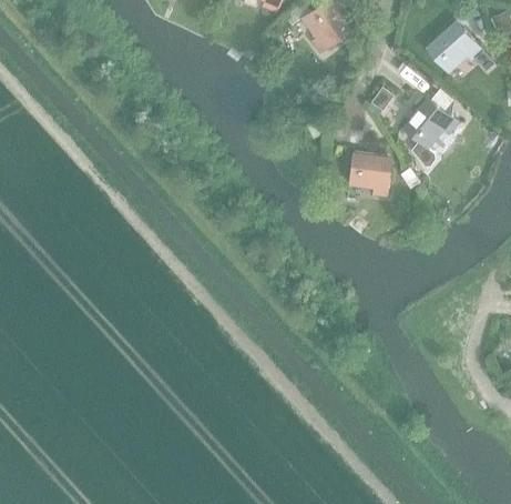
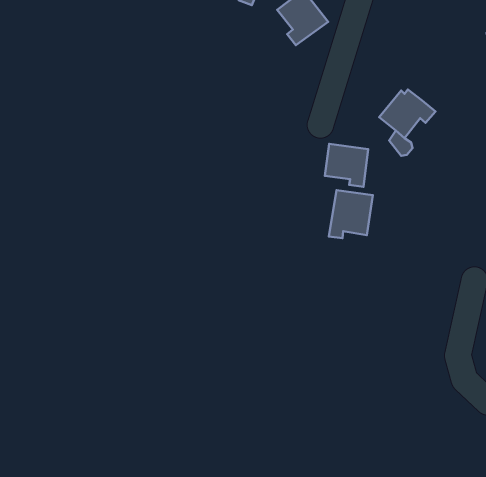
building: [427,21,482,72] -> none
building: none -> [329,190,373,238]

